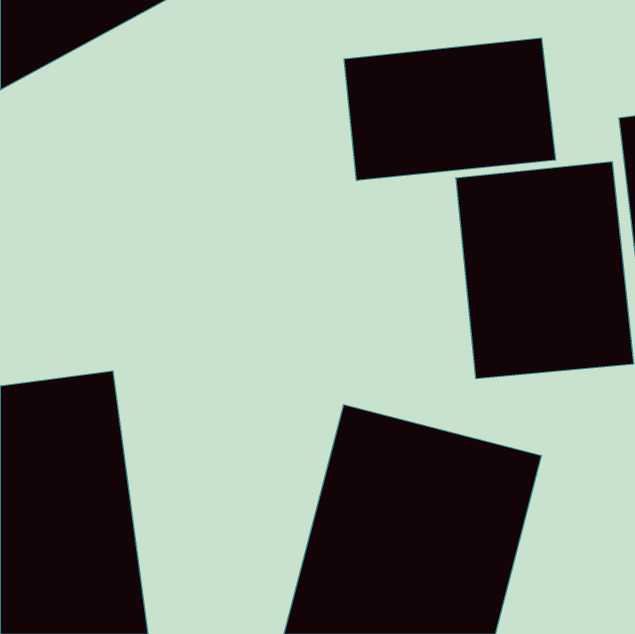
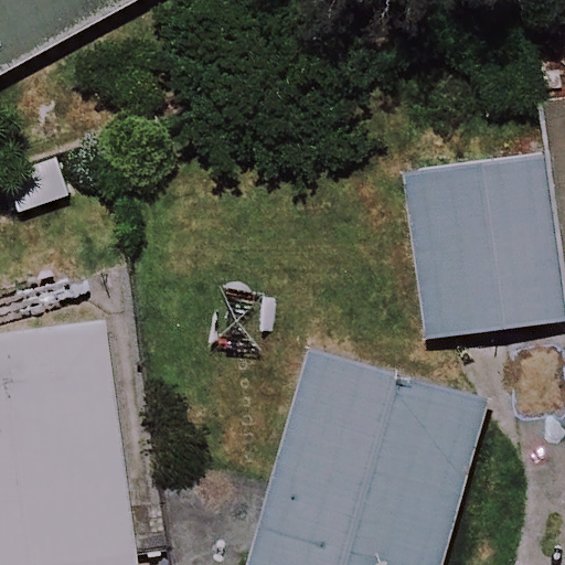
building: [344,38,555,181] -> none

